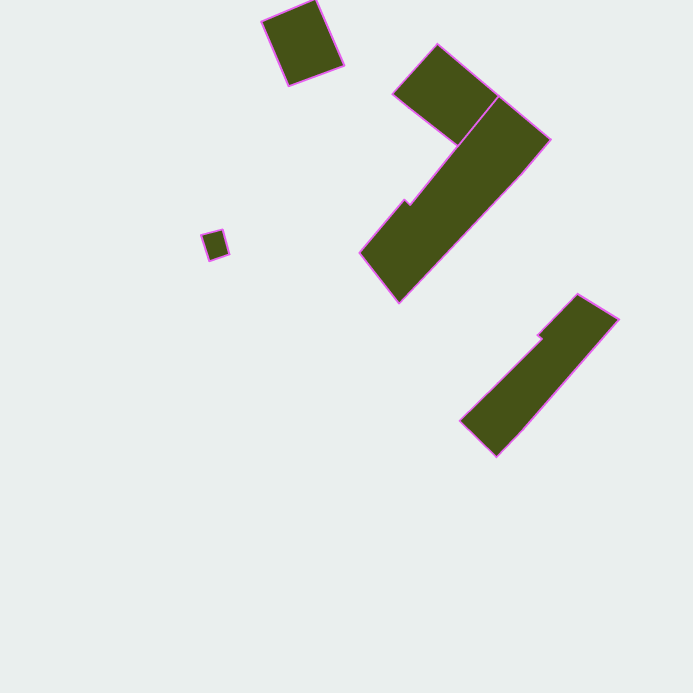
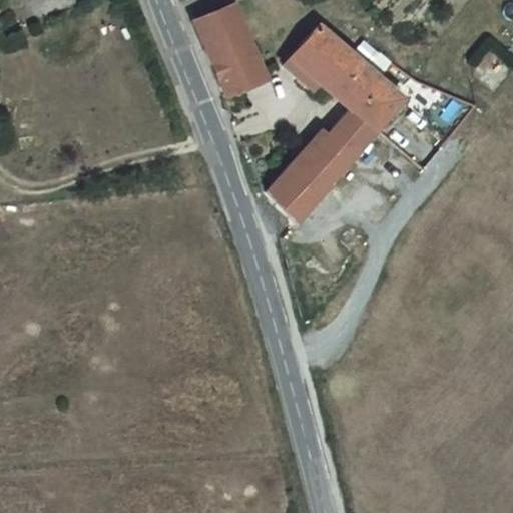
building: none -> [215,48,268,92]
building: [460,294,619,457] -> none

